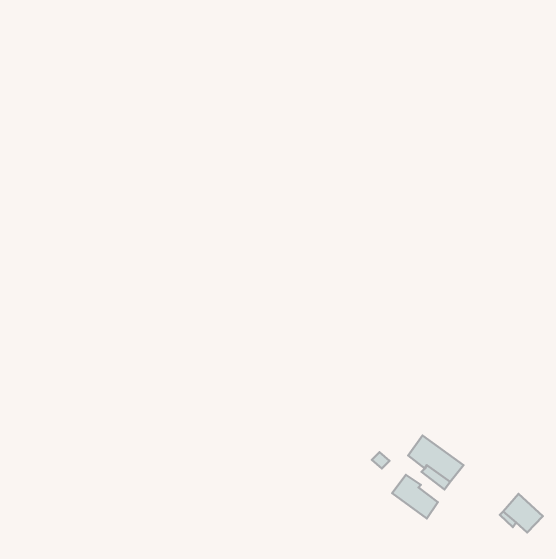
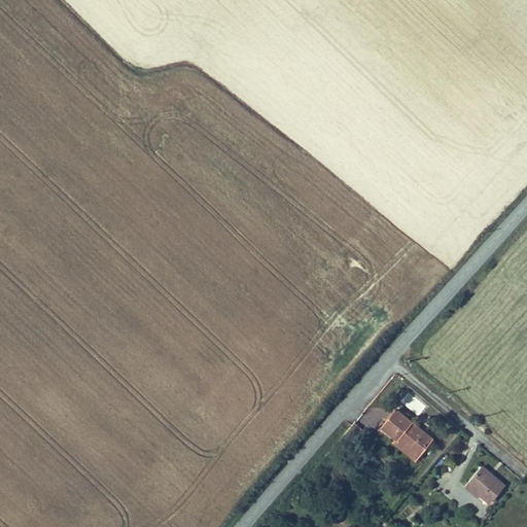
building: [392,475,438,519] -> none

